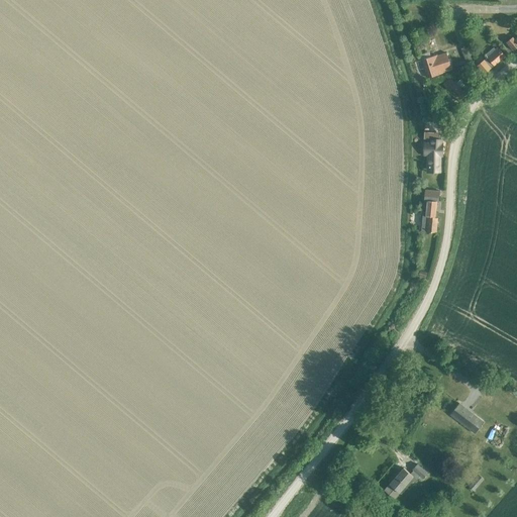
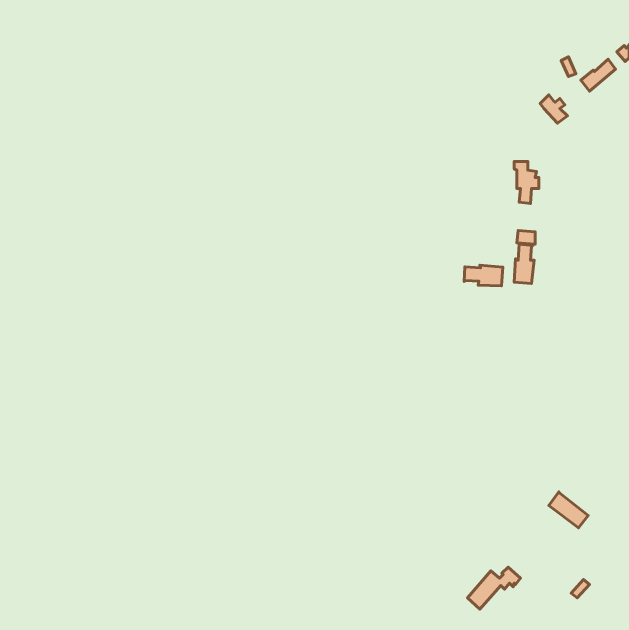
building: [421,53,450,78] -> none
building: none -> [464,265,503,286]

